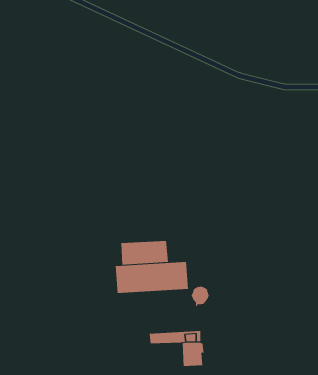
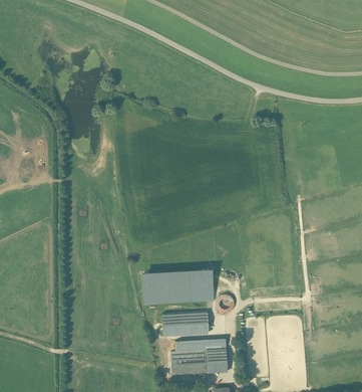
building: [120,241,169,265] -> [161,312,209,336]
building: none -> [170,350,208,375]

